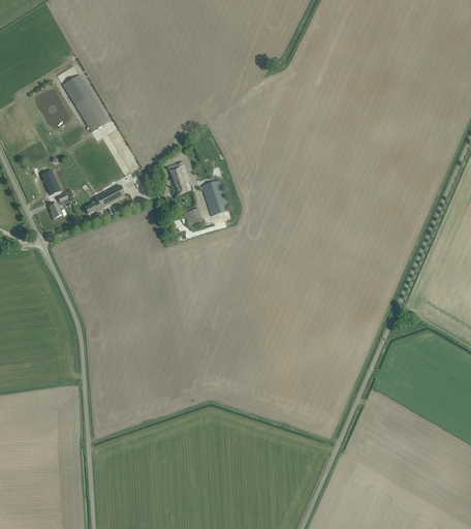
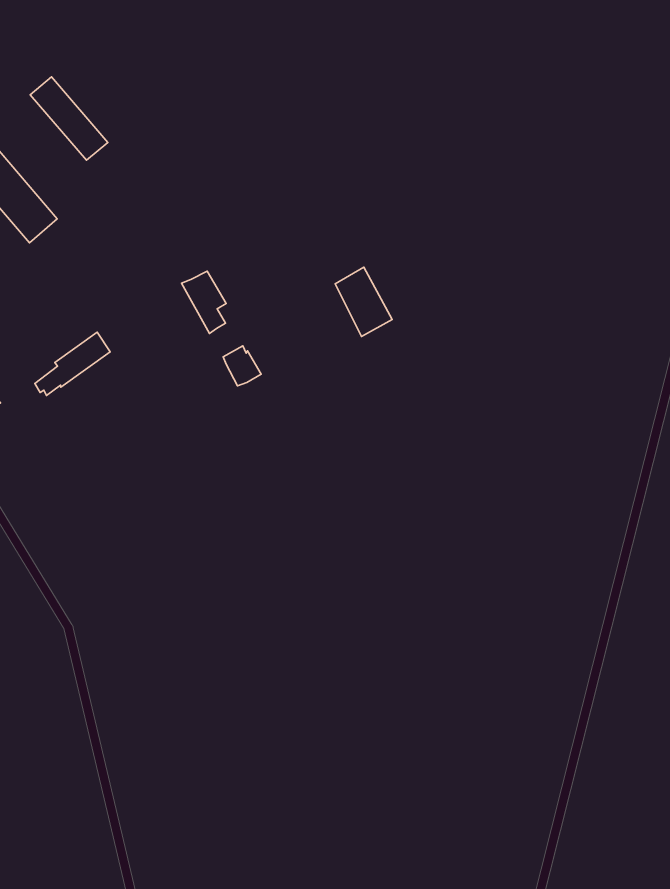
building: none -> [30,77,108,160]
building: [200,180,227,216] -> [335,267,392,336]

